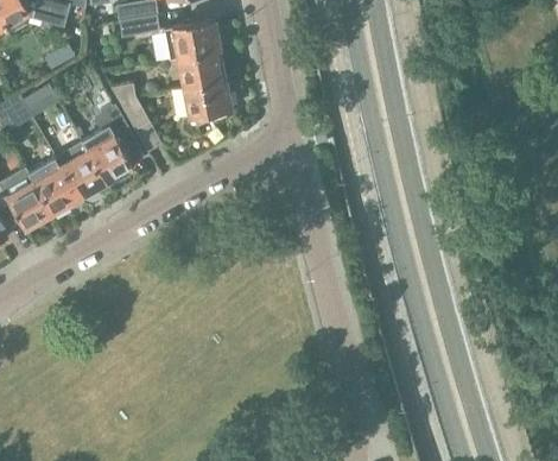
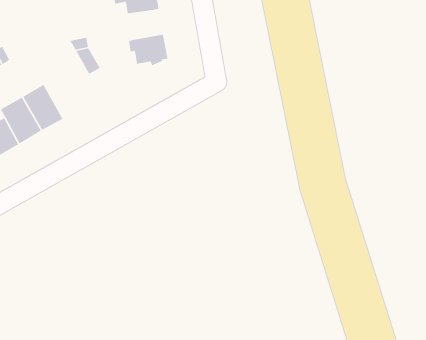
building: [177,52,226,88] -> none
building: [81,105,139,184] -> none

